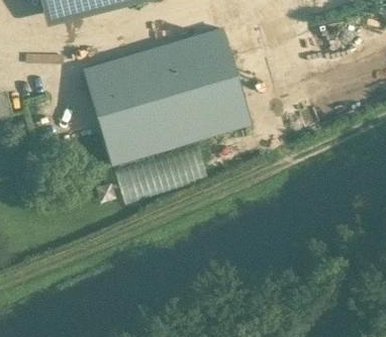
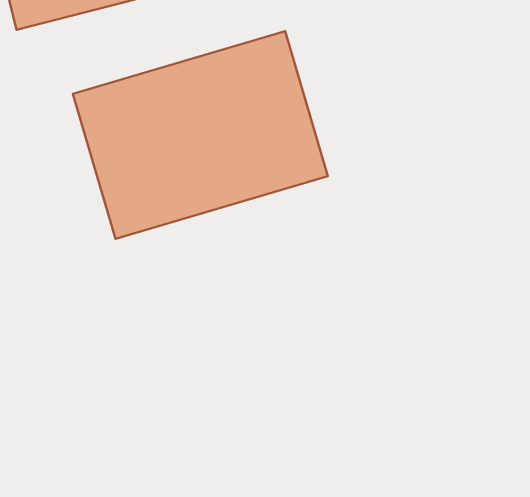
building: [113,144,207,201] -> none

